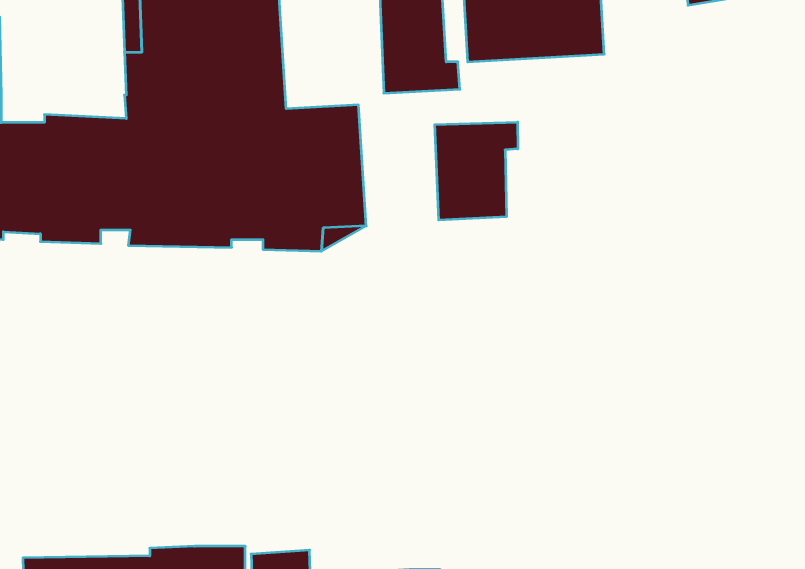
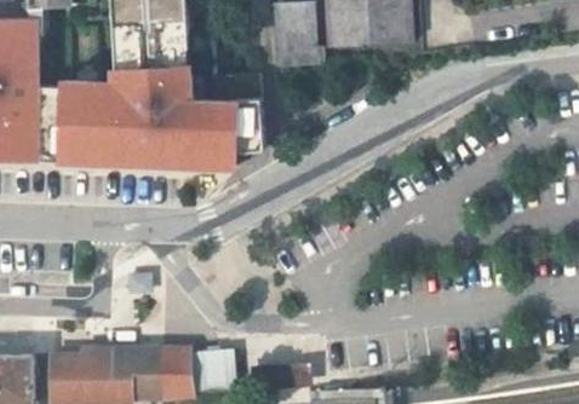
building: [435,122,518,220] -> none

